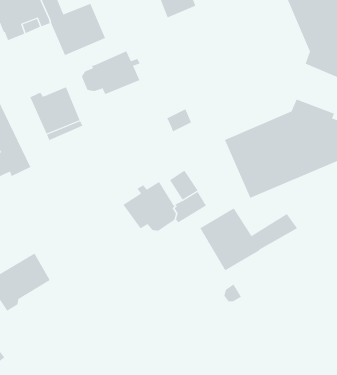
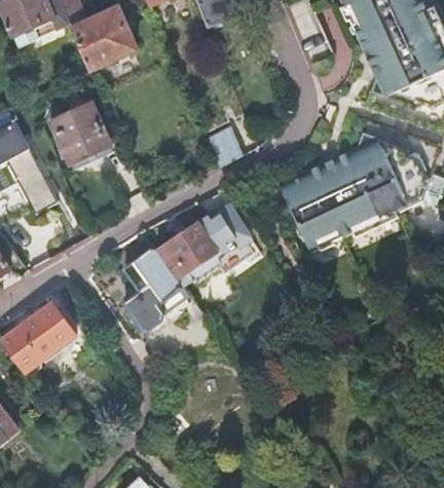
building: [82,50,140,95] -> none
building: none -> [125,247,180,328]
building: [200,208,298,271] -> none

